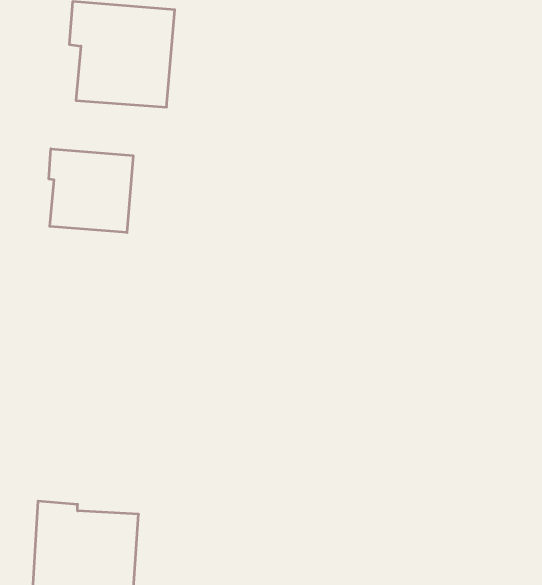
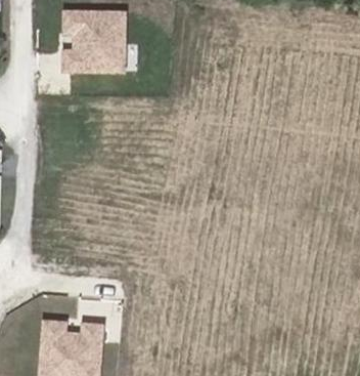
building: [49,149,133,233] -> none

